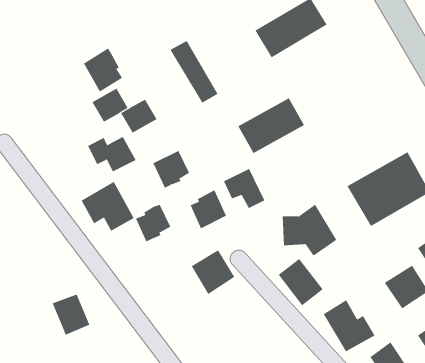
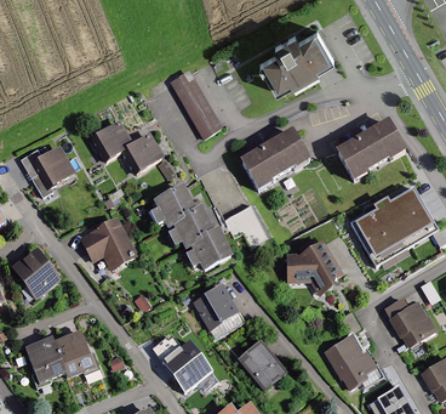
building: [83,47,123,92] -> none
building: none -> [334,121,405,181]
building: [87,136,136,172] -> [22,149,72,186]
building: [135,204,171,242] -> [175,206,211,245]
building: none -> [12,248,61,296]
building: [278,258,323,306] -> [239,342,285,391]
building: none -> [27,336,64,378]
building: none -> [158,341,213,395]

